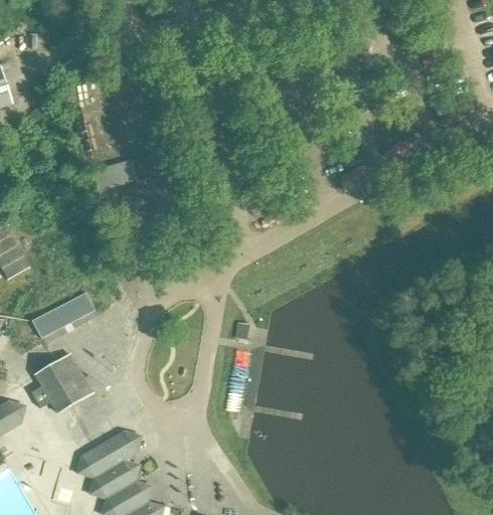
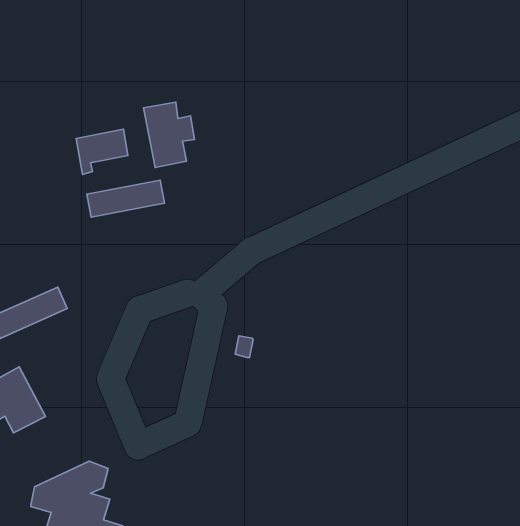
building: none -> [144,102,194,168]
building: none -> [87,180,164,217]

